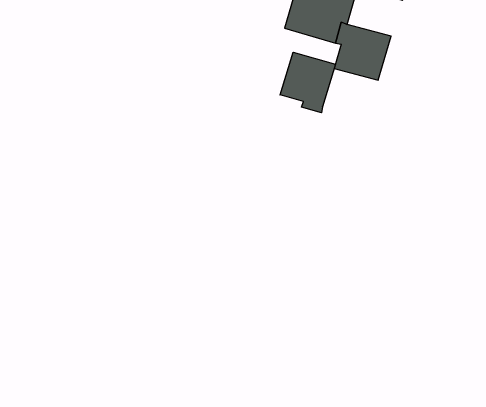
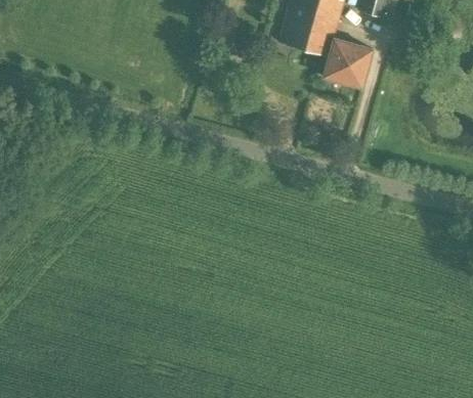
building: [280,52,336,113] -> none

